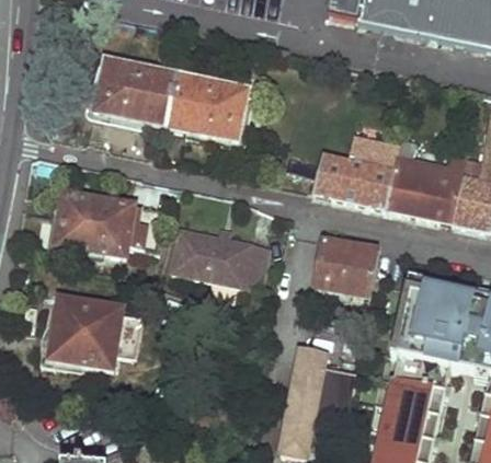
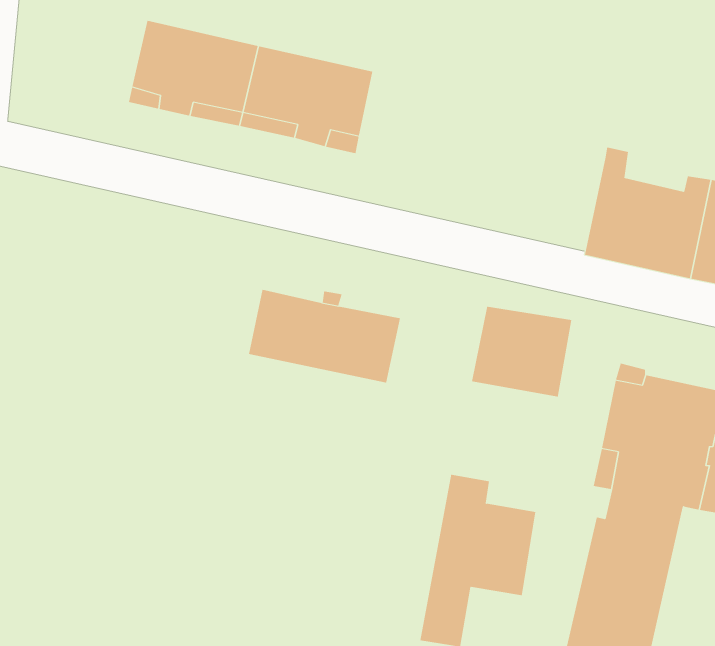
building: [312,136,399,207] -> none
building: [60,194,165,257] -> none
building: [55,298,141,370] -> none

